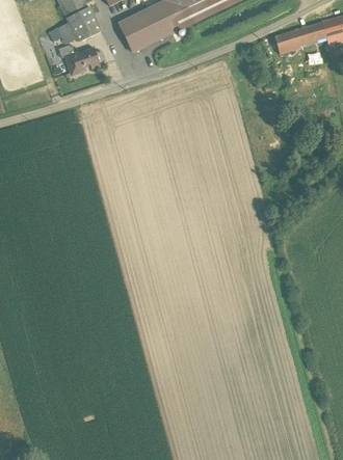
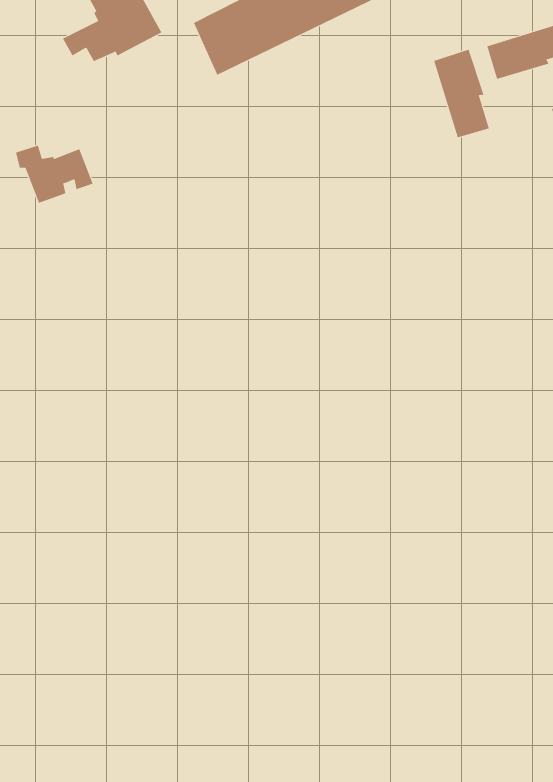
building: none -> [433,49,490,138]
building: [58,44,100,75] -> [15,145,93,203]

